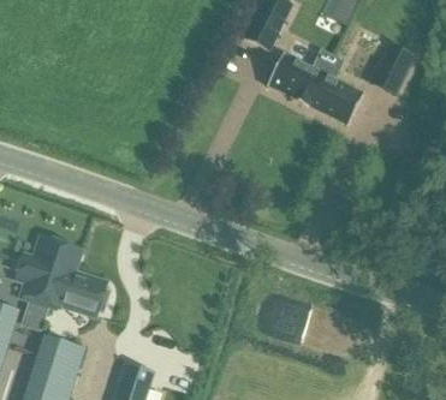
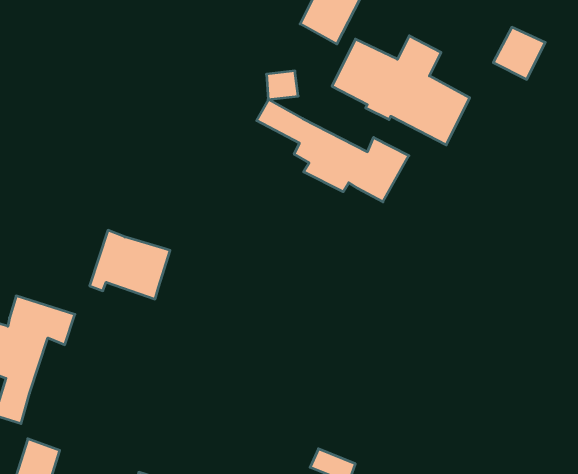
building: none -> [257,99,409,202]
building: [49,265,107,315] -> [90,230,170,299]

